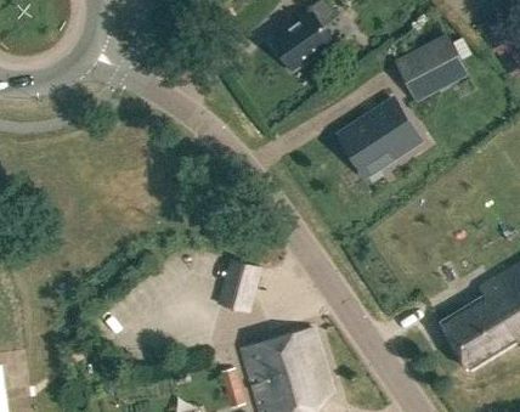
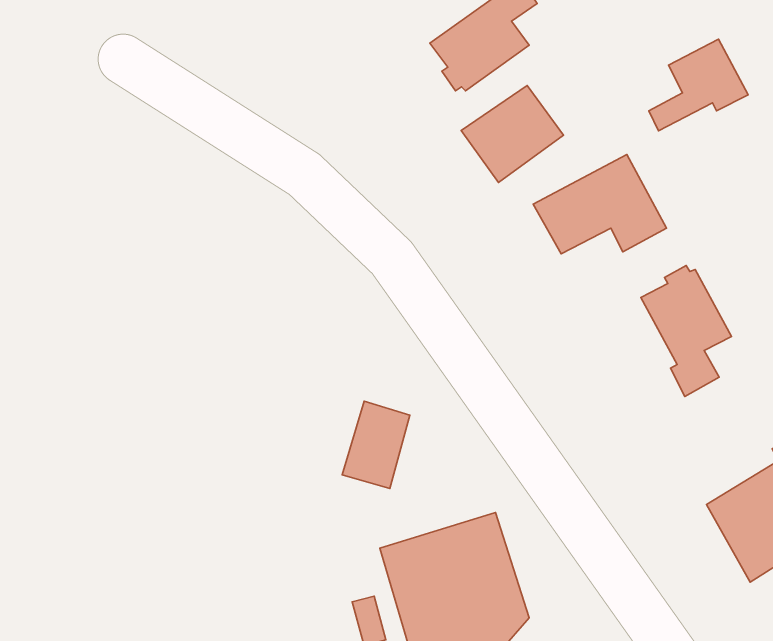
building: none -> [461,86,564,182]
building: none -> [641,265,731,397]

